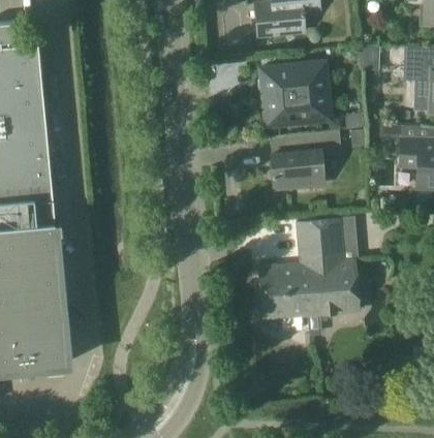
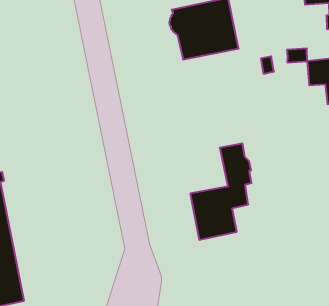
building: [270,130,341,190] -> none
building: [302,219,361,315] -> none

